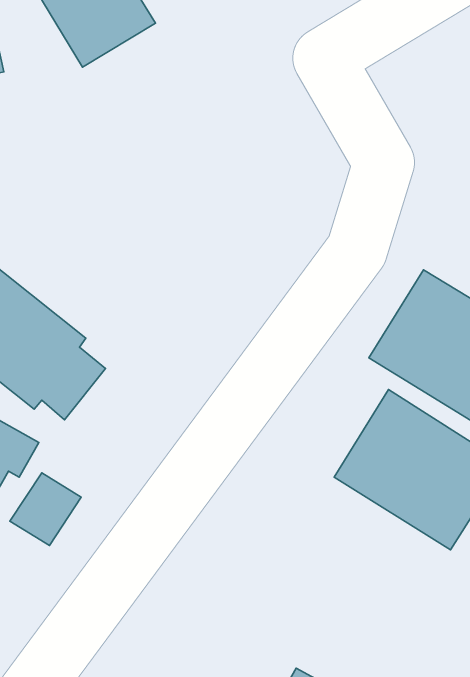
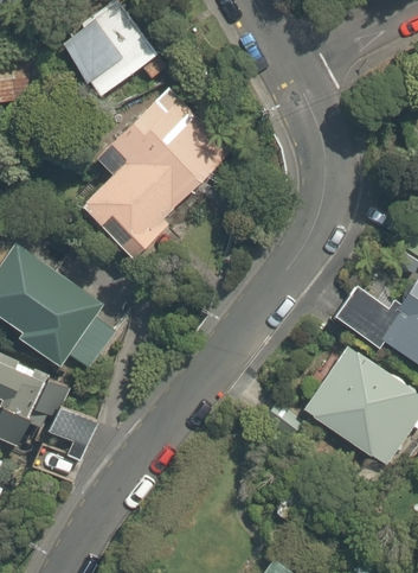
building: none -> [86,84,237,249]

